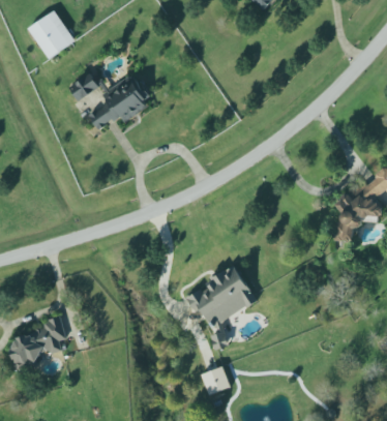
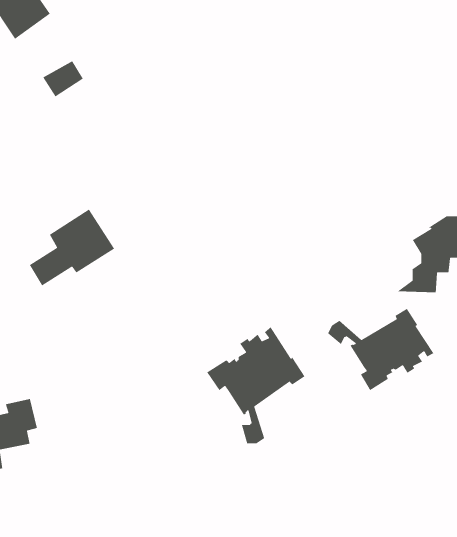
building: [88,73,150,129] -> [29,209,115,286]
building: none -> [327,308,434,391]
building: [201,365,230,394] -> none

